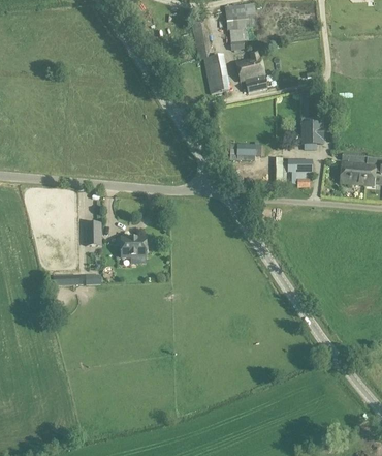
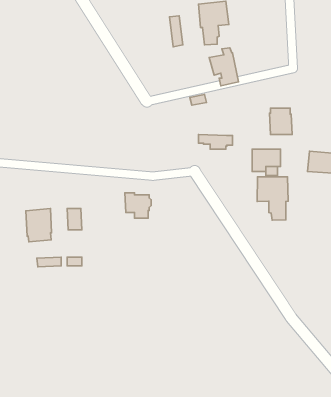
building: [202,55,229,93] -> none
building: none -> [257,177,288,220]
building: none -> [26,208,52,242]
building: [120,236,148,263] -> [125,193,151,218]

